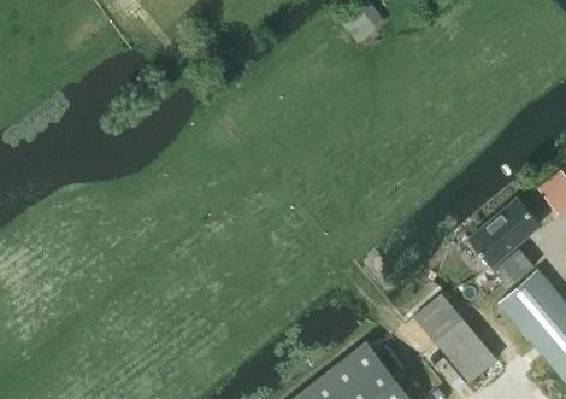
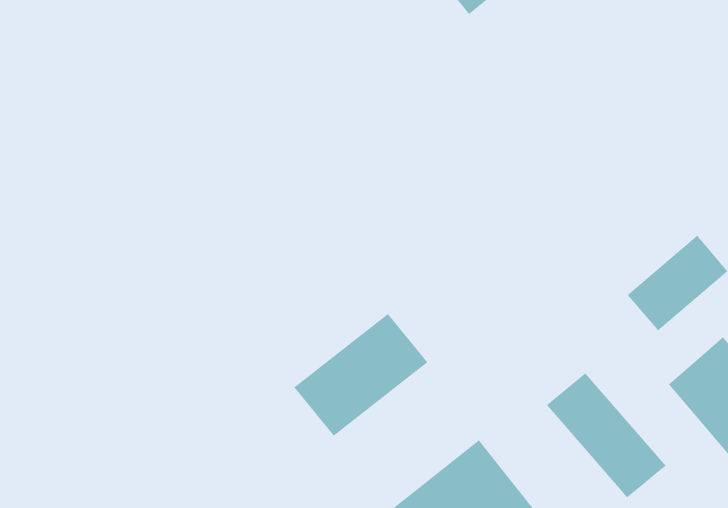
building: [494,248,535,288] -> none
building: none -> [294,313,428,437]

